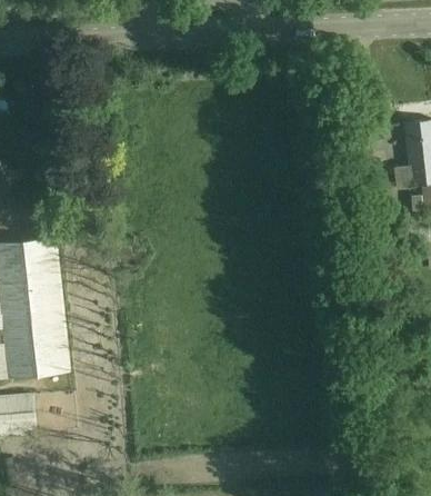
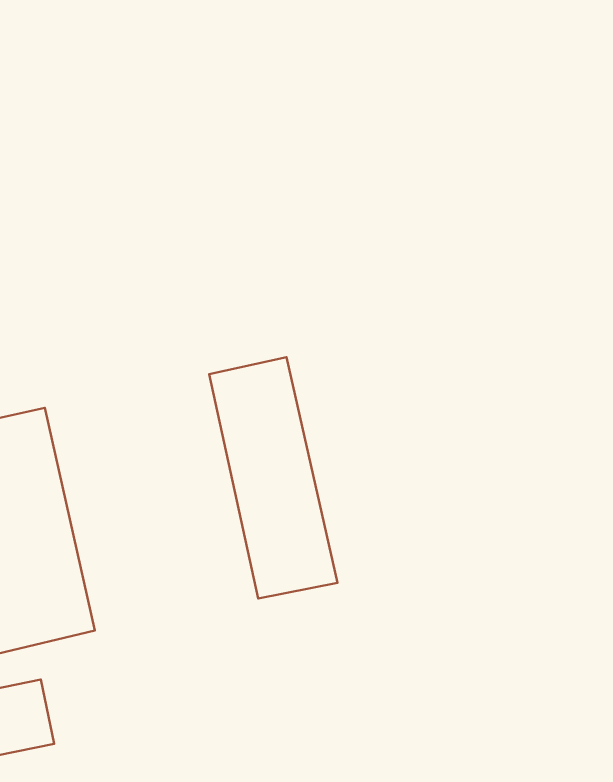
building: none -> [209,357,337,598]

